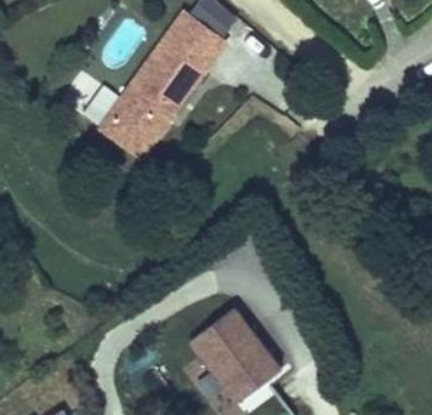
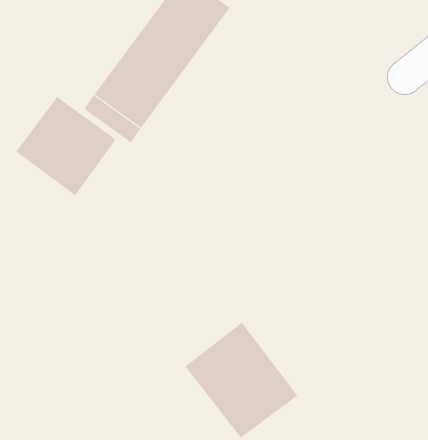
building: none -> [15,96,117,196]

